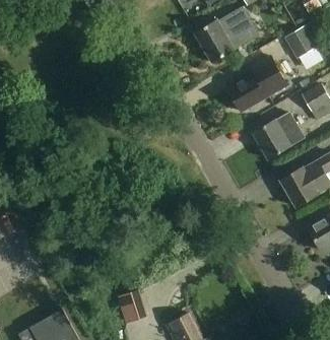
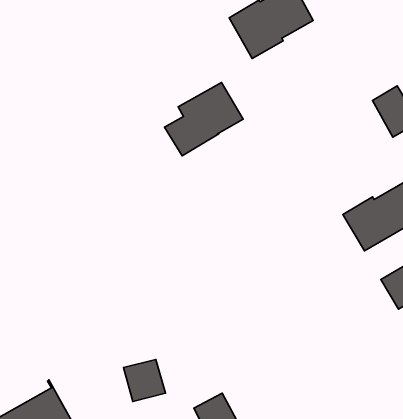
building: [284,26,317,58] -> none
building: [227,56,286,111] -> [165,83,243,156]
building: [252,113,304,159] -> none

